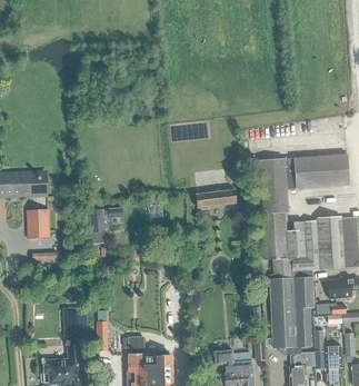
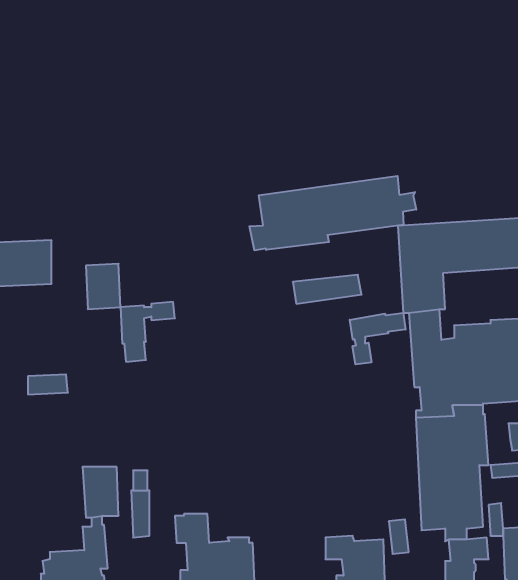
building: none -> [249,176,416,250]
building: [27,211,48,239] -> [86,264,120,309]
building: none -> [350,313,406,364]

